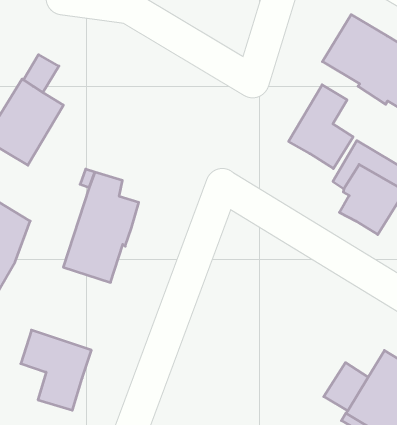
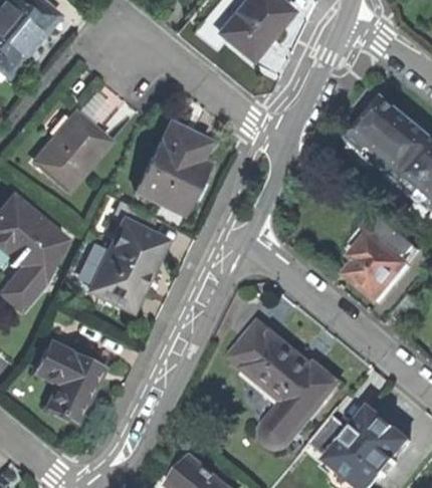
building: none -> [133,124,209,215]
building: [289,85,353,169] -> none
building: none -> [229,320,339,447]

